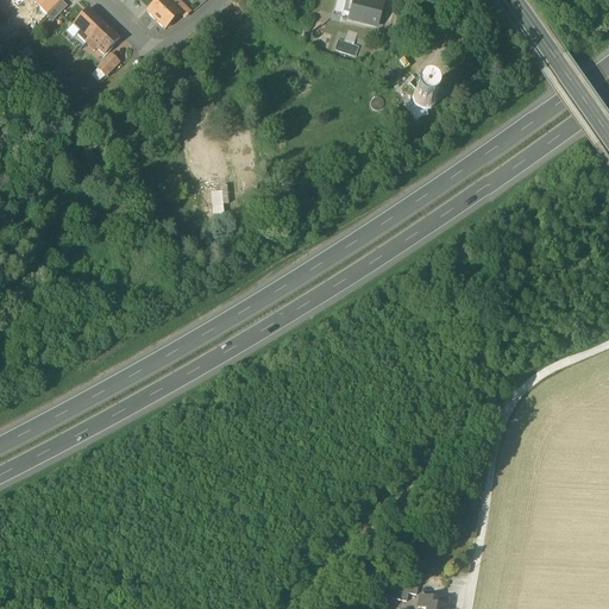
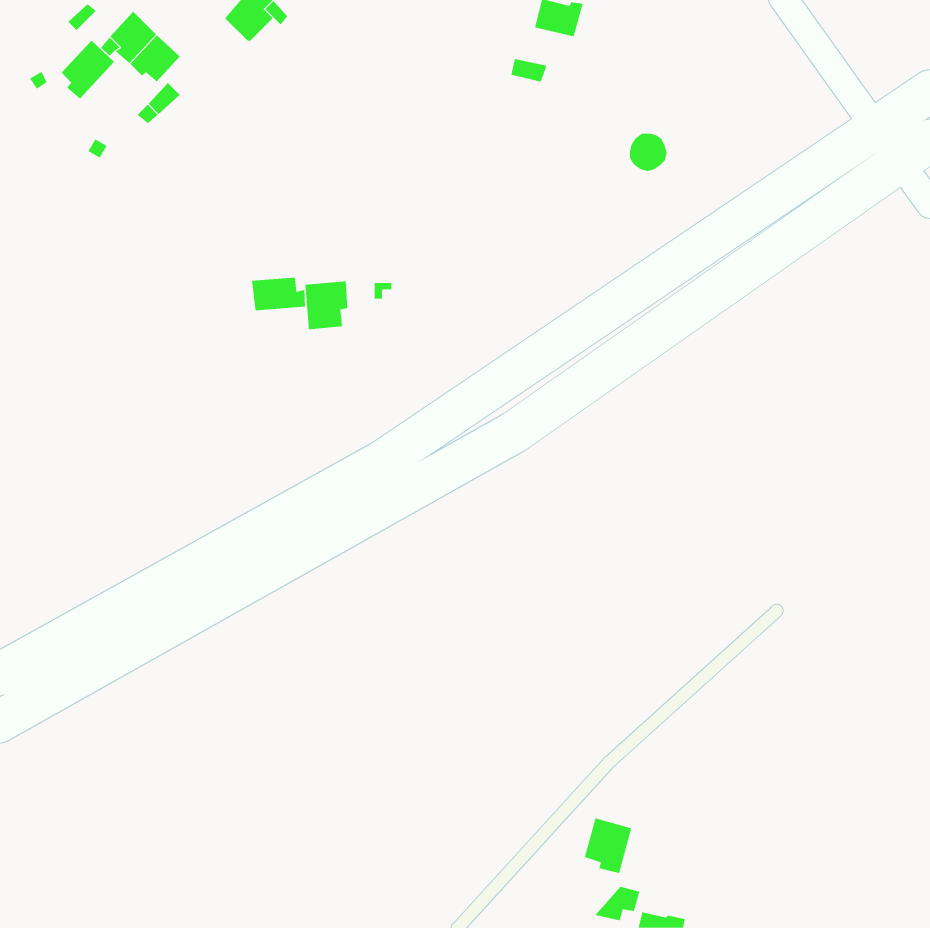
building: none -> [61,40,115,99]
building: none -> [251,277,306,311]
building: none -> [584,818,632,874]

